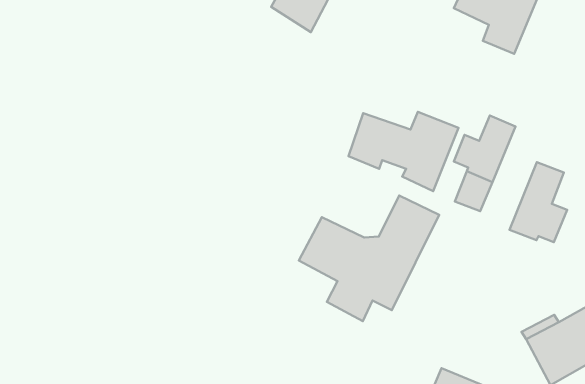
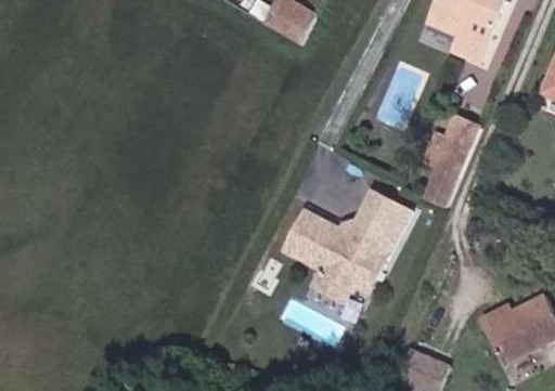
building: [349,112,459,191] -> none
building: [510,162,567,242] -> none

